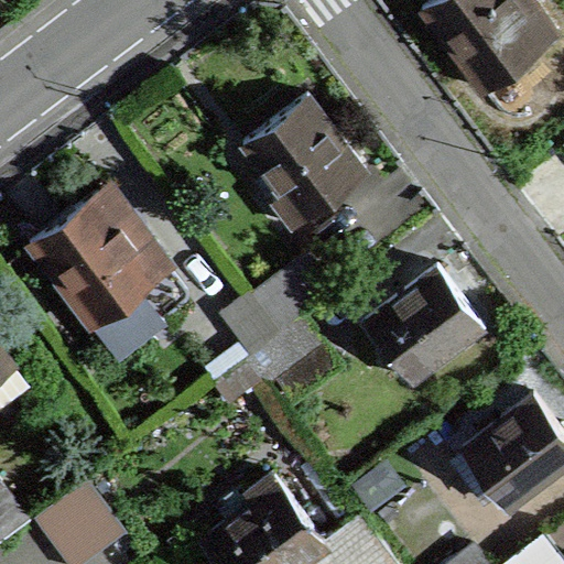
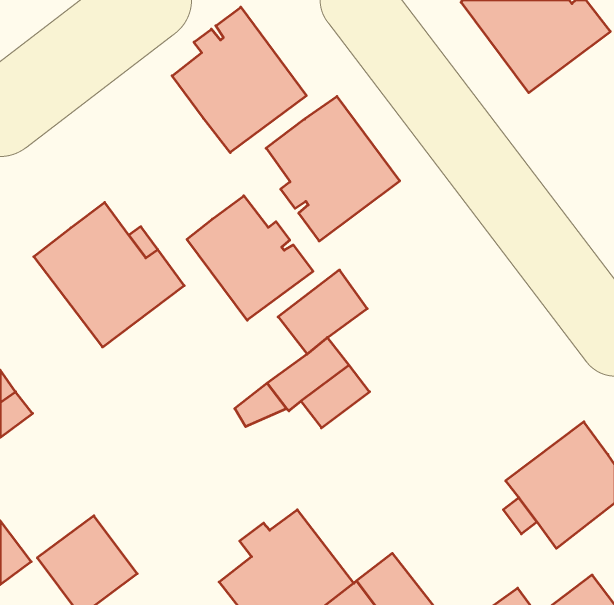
building: none -> [172,7,306,153]
building: none -> [187,196,313,320]
building: [368,269,484,382] -> none

